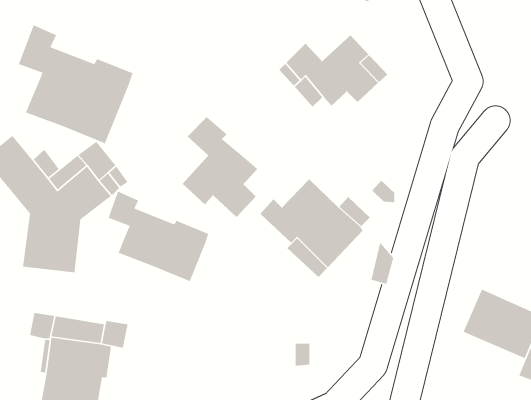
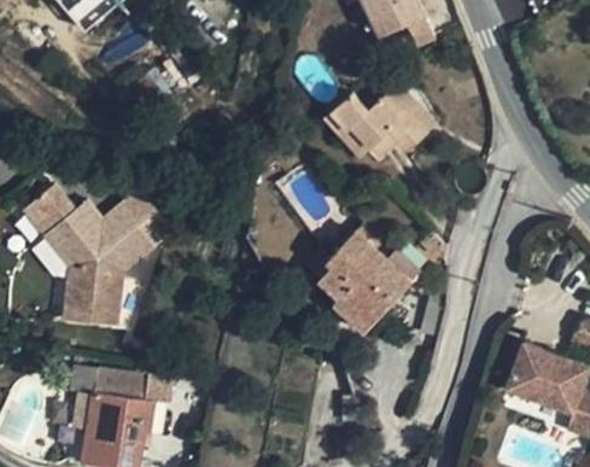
building: [18,24,133,145] -> none
building: [182,116,258,218] -> none
building: [107,191,209,282] -> none

